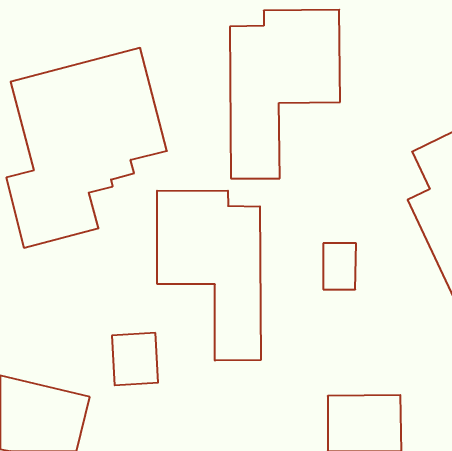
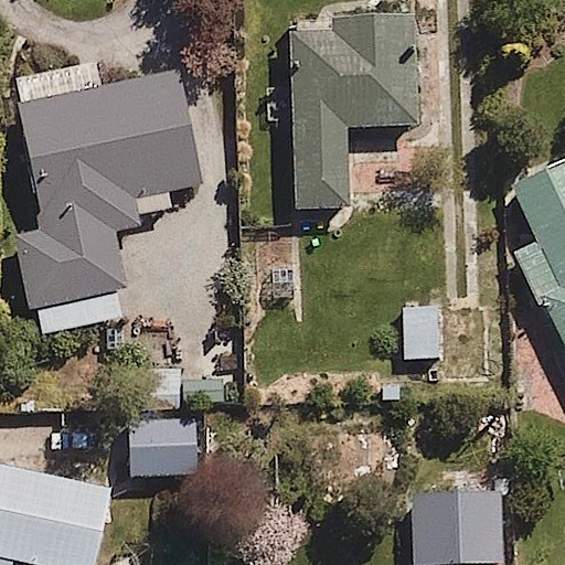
building: [157,191,261,361] -> none

